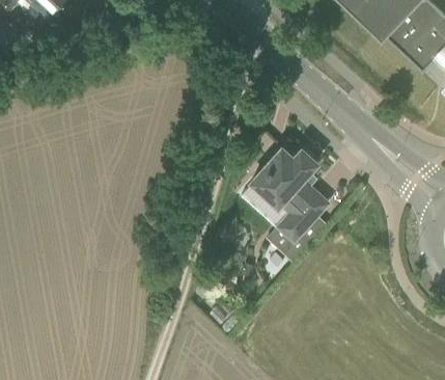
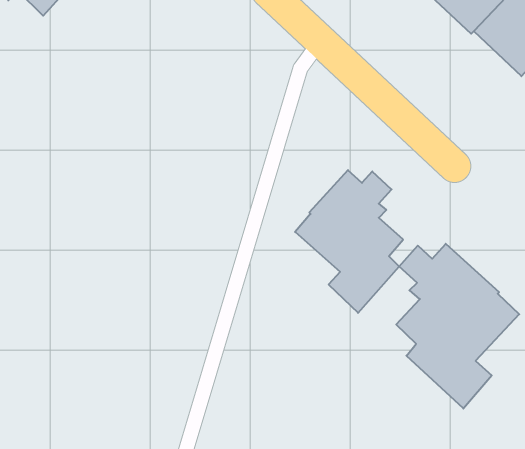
building: none -> [396,244,519,409]

